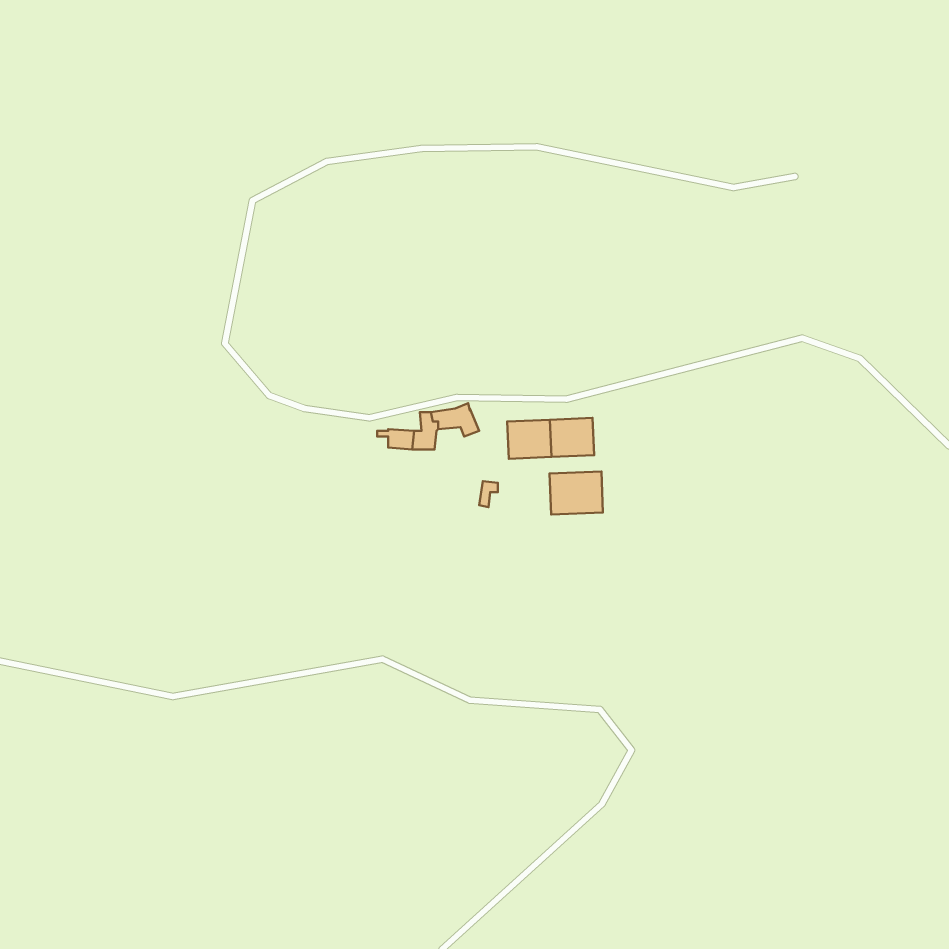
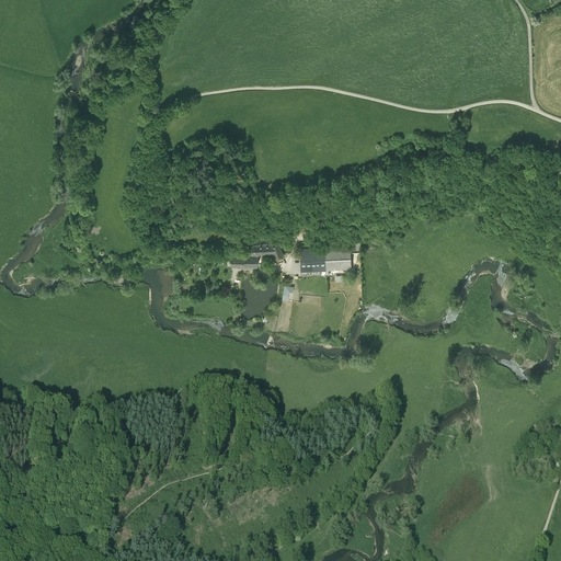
building: [550,471,603,515] -> none

